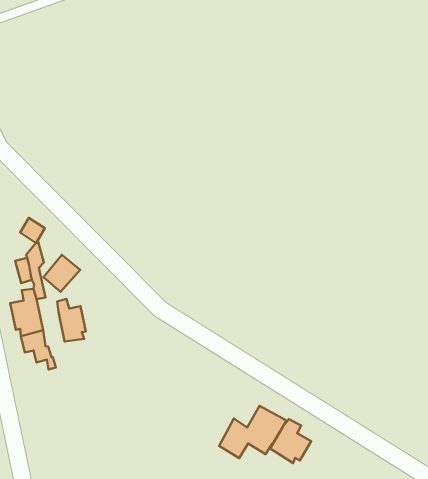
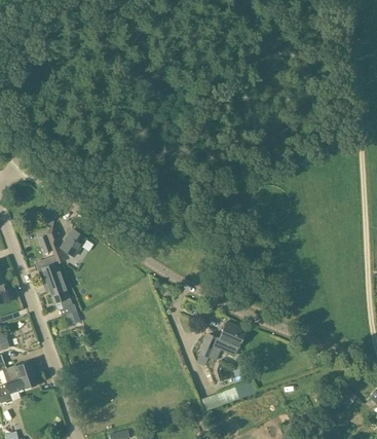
building: [57,299,86,342] -> none
building: [270,419,311,463] -> none

